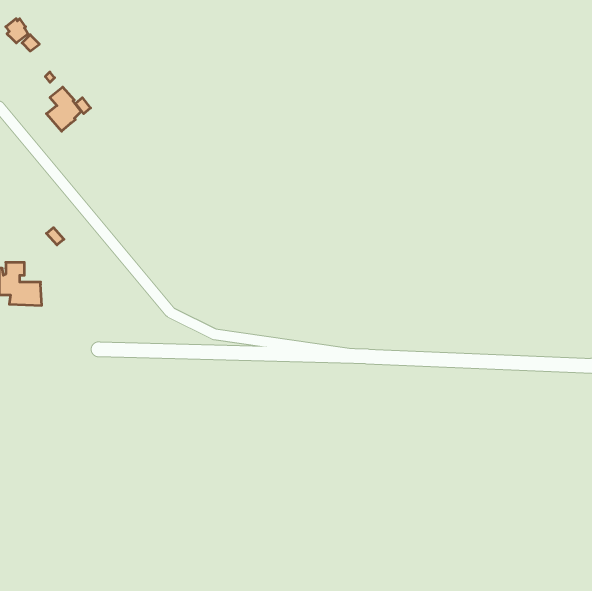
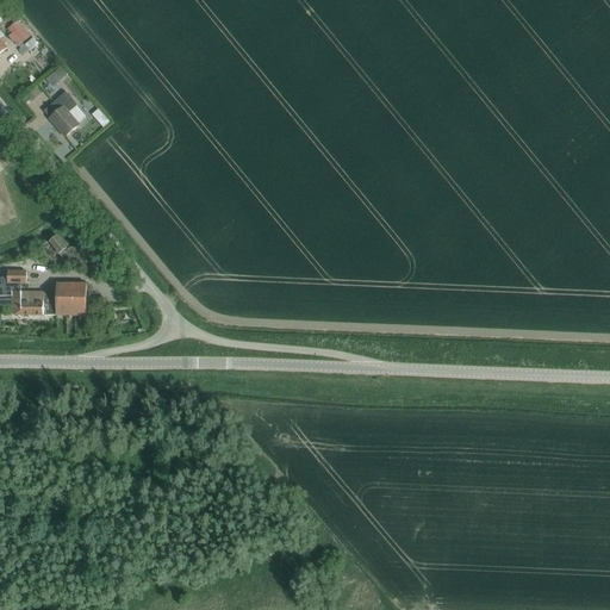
building: none -> [55,281,85,313]

